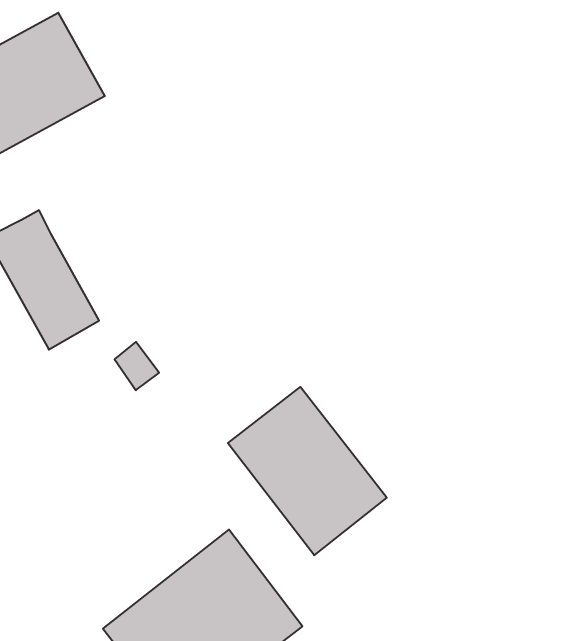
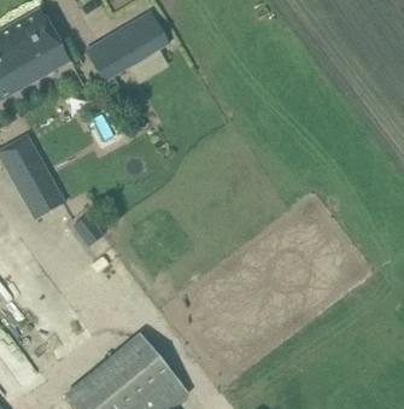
building: none -> [84,13,168,83]
building: [228,387,387,555] -> none

